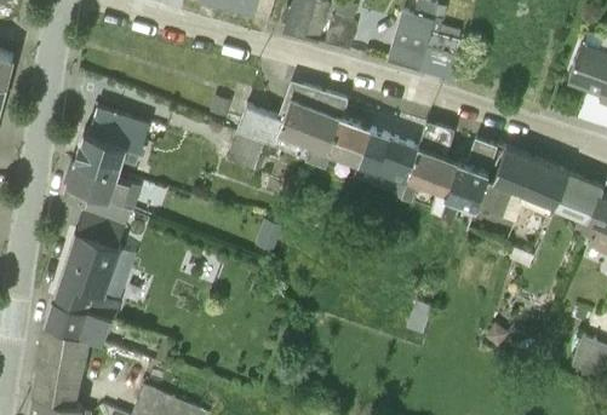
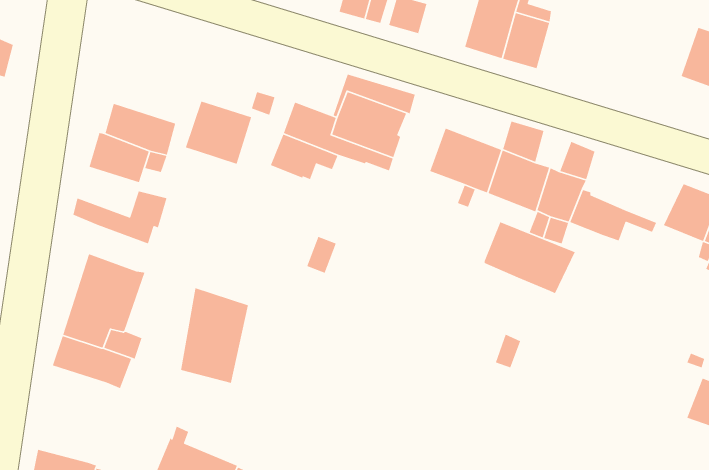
building: none -> [185,101,252,165]
building: [330,115,372,163] -> none
building: [493,148,569,208] -> [484,221,576,294]
building: [68,160,119,201] -> none
building: [75,208,126,246] -> none
building: [34,324,91,404] -> [180,287,249,384]

